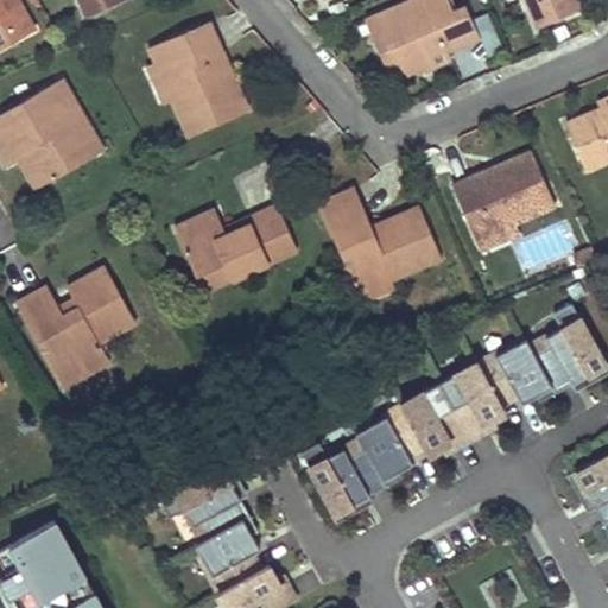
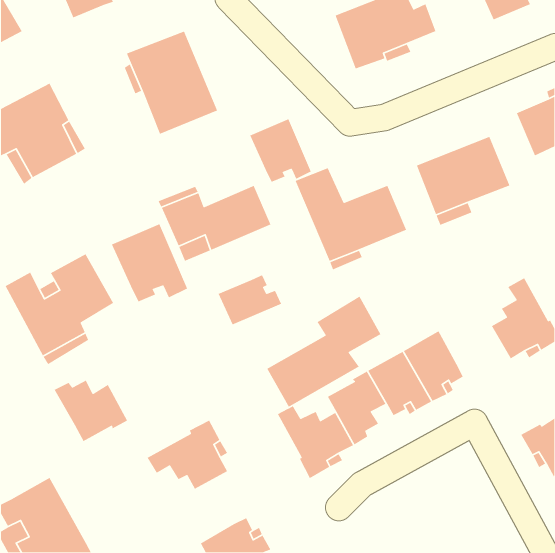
building: none -> [249,118,312,183]
building: none -> [111,223,188,302]
building: none -> [218,274,282,325]
building: none -> [266,296,381,408]
building: [480,340,558,404] -> none
building: none -> [53,379,128,442]
building: [196,515,260,594] -> none

